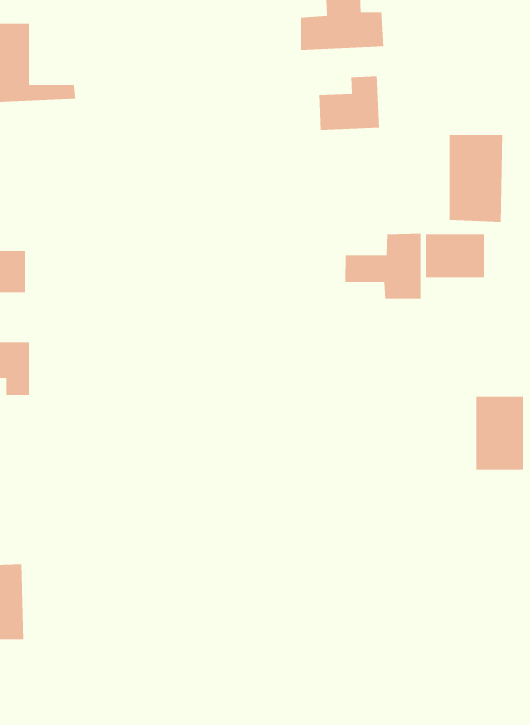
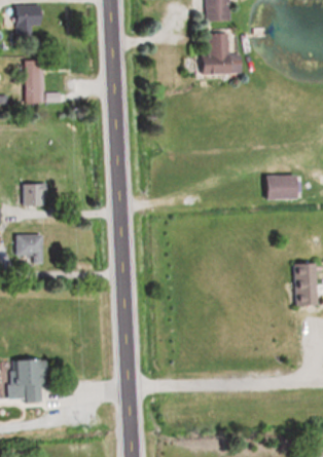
building: [318,76,380,131] -> none
building: [449,134,503,223] -> none
building: [344,233,421,299] -> none

